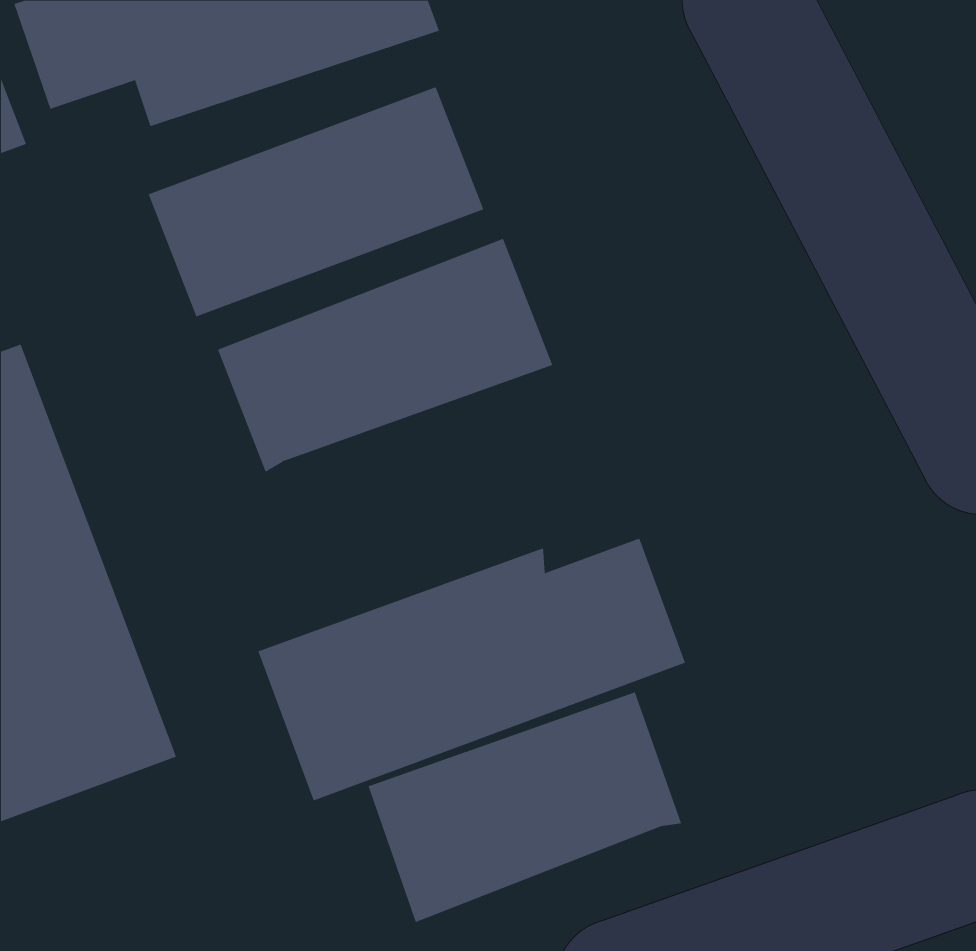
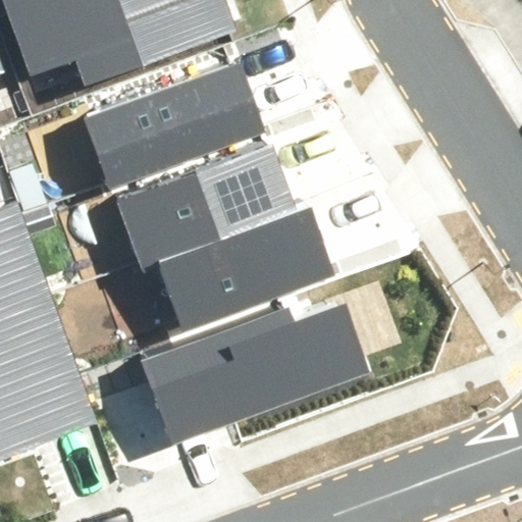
building: none -> [154,207,332,330]
building: [368,692,682,923] -> none

